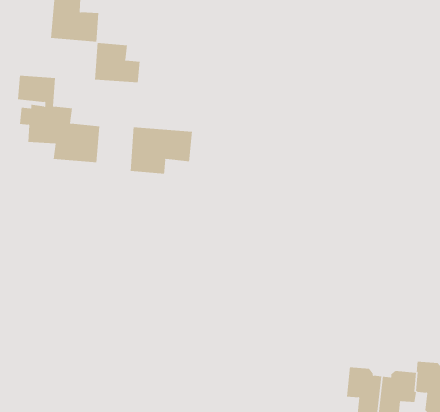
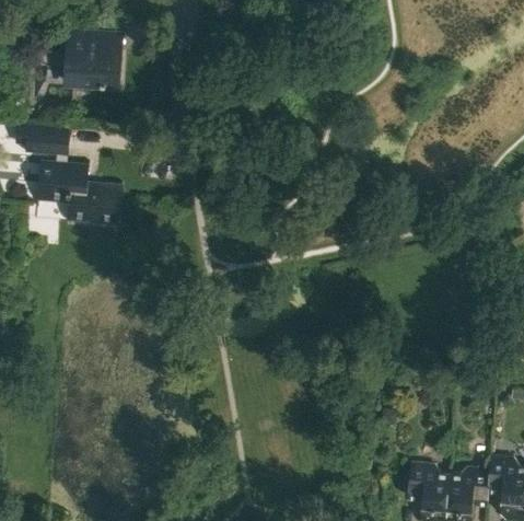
building: [94,42,140,83] -> none
building: [130,127,192,175] -> none

